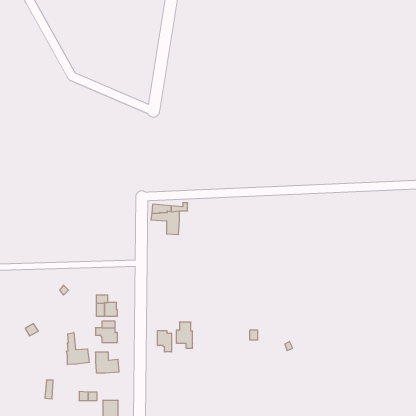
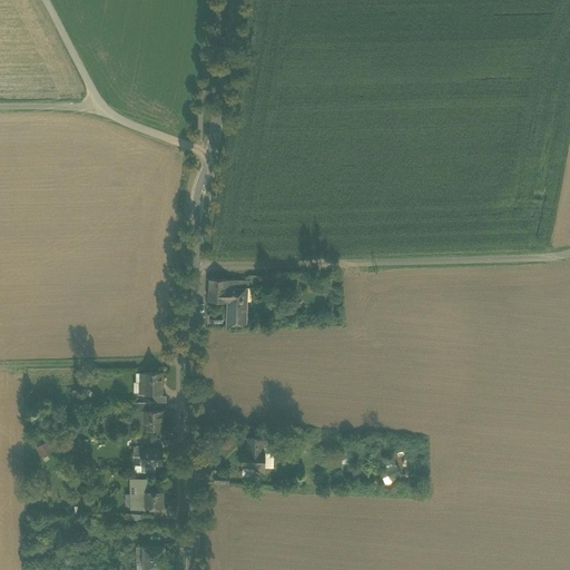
building: none -> [137,375,160,399]
building: [158,331,172,352] -> none
building: [67,332,89,365] -> none

